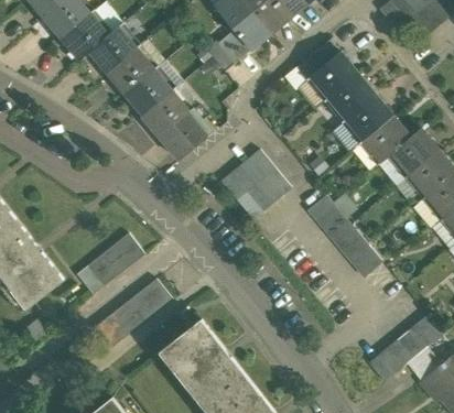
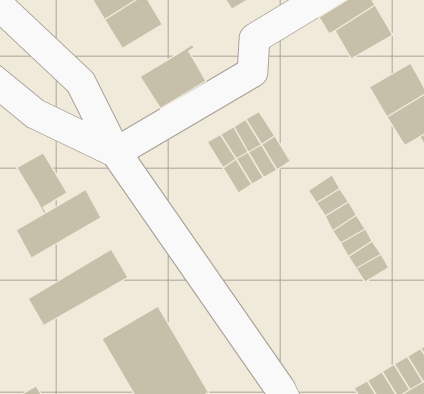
building: [327,74,376,119] -> none
building: [141,91,188,137] -> none
building: none -> [17,153,67,214]

